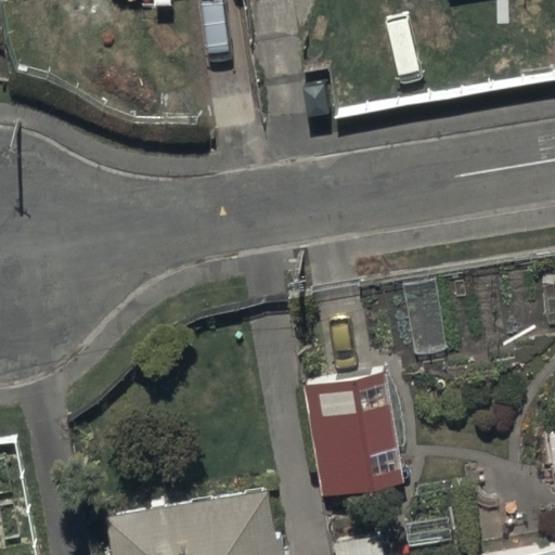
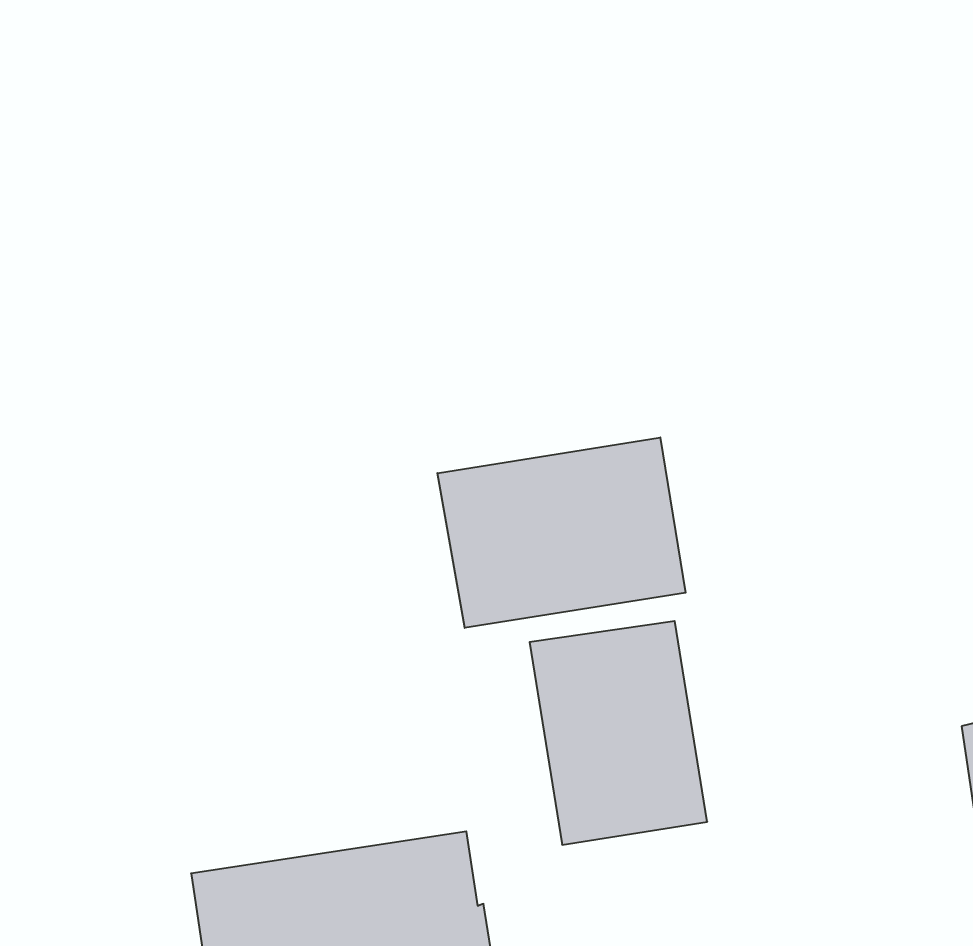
building: none -> [437,437,686,628]

